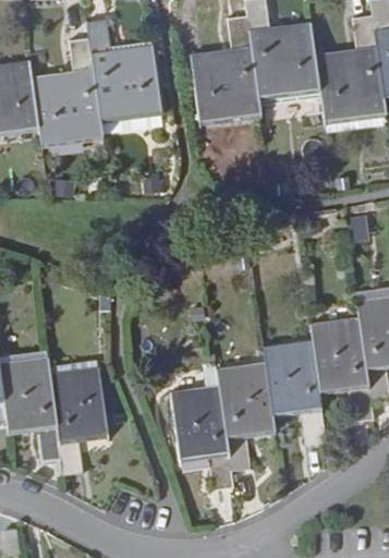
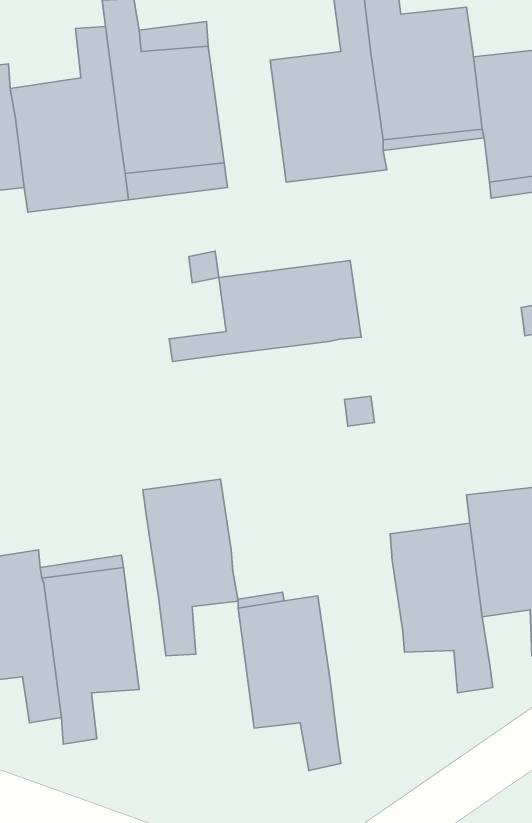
building: none -> [169,260,361,362]
building: [216,360,275,469] -> [143,479,238,656]

